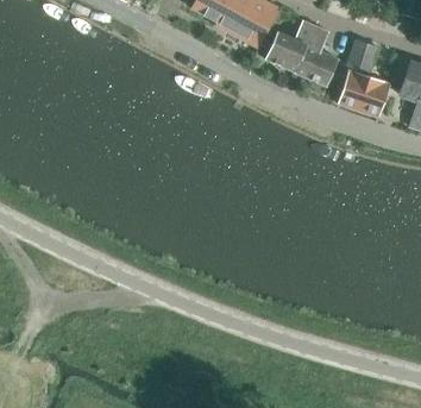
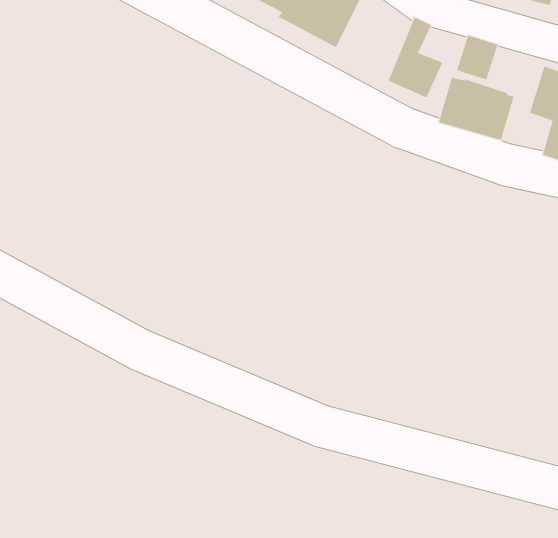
building: [265,20,315,71] -> none

